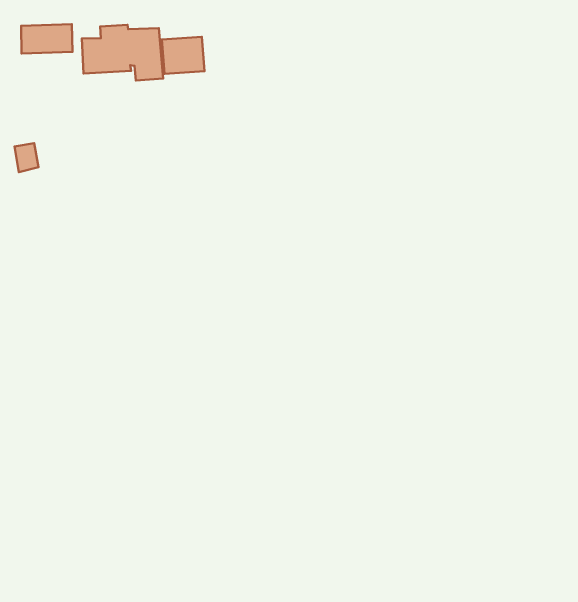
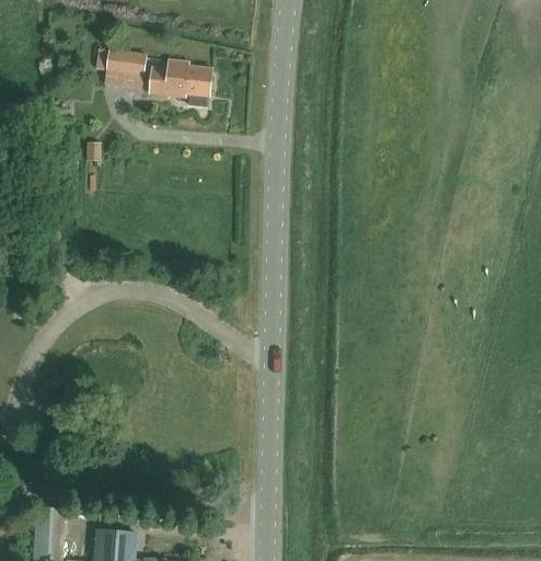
building: [162,37,204,74] -> none

